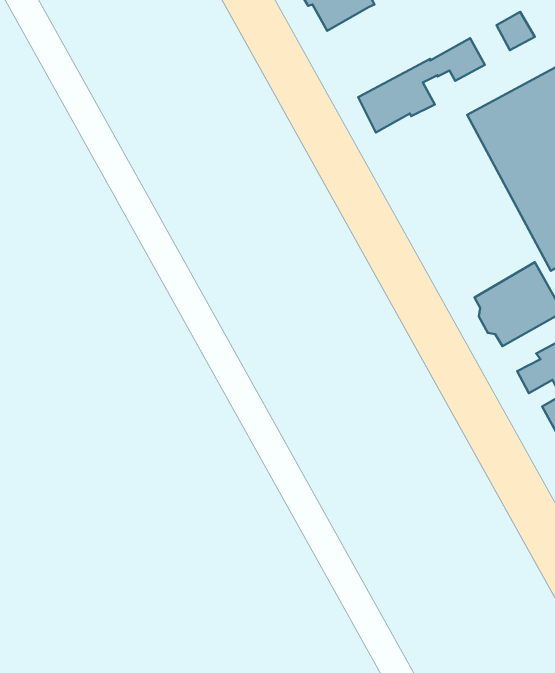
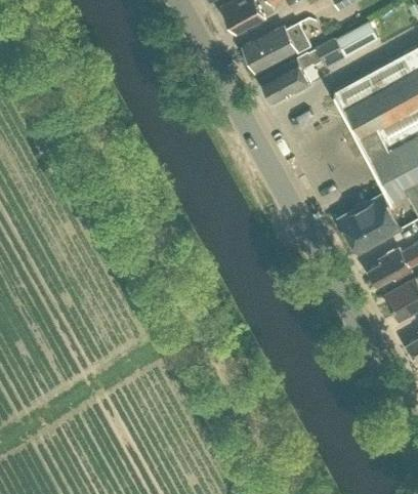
building: none -> [243,24,311,73]

